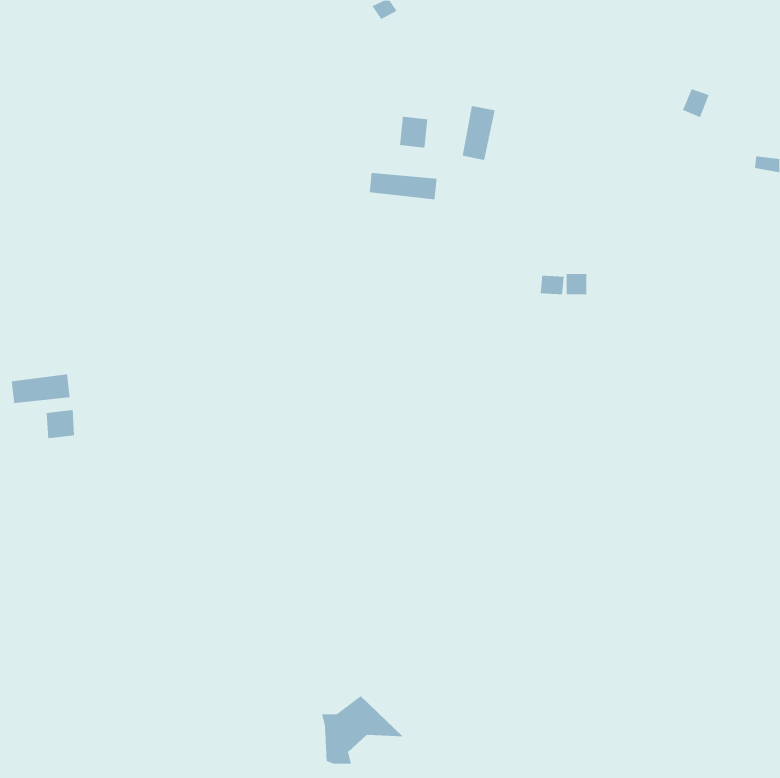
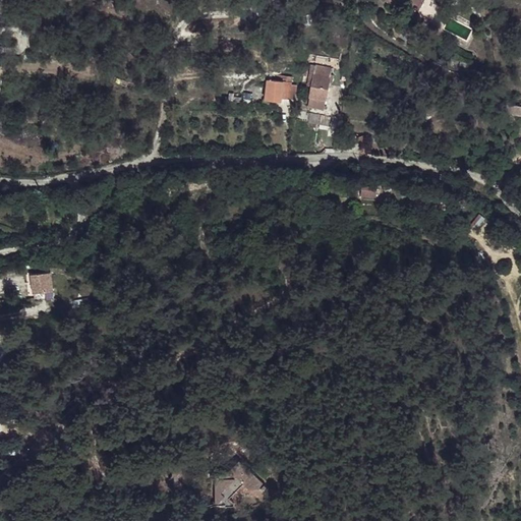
building: [369,172,437,200] -> none
building: [11,373,70,404] -> none

